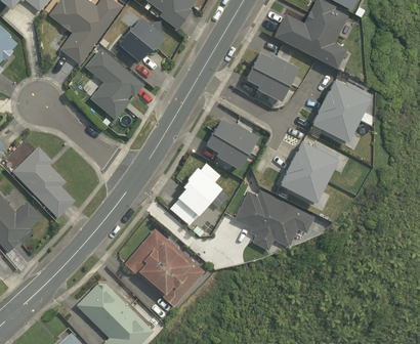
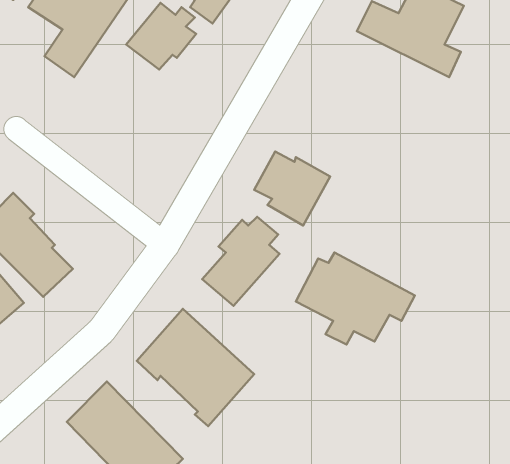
building: [85,48,145,121] -> none
building: [244,50,296,100] -> none
building: [309,81,372,141] -> none
building: [279,139,337,202] -> none

